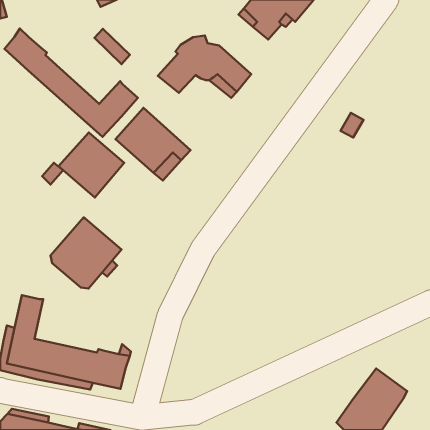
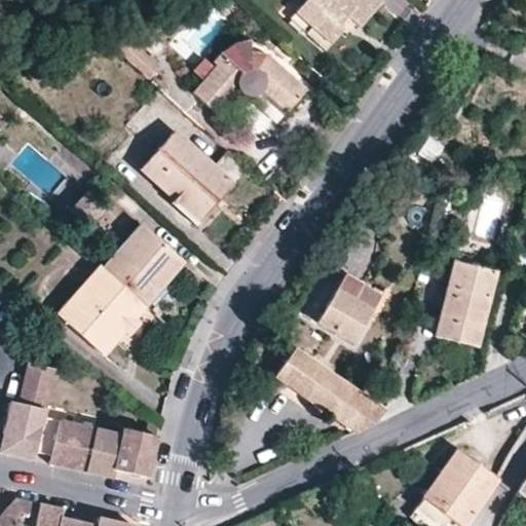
building: [4,28,138,137] -> none
building: [58,132,124,197] -> [105,225,185,304]
building: none -> [440,261,498,344]
building: none -> [324,285,387,352]
building: none -> [273,351,383,435]

